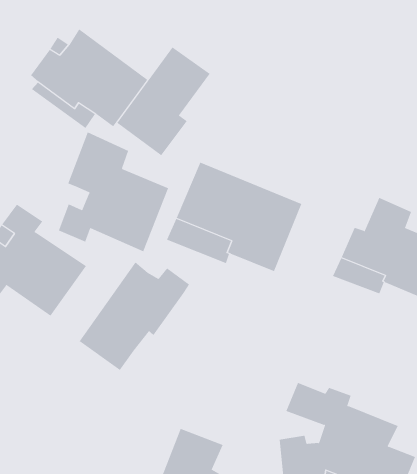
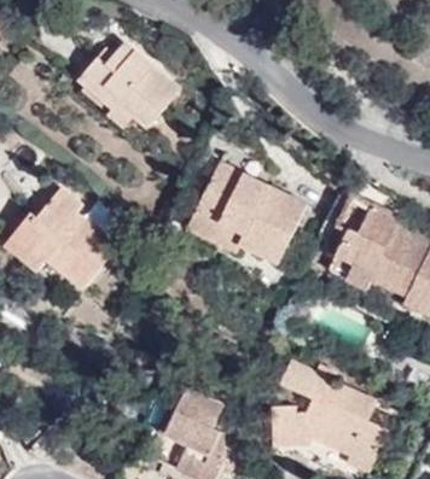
building: [117,47,211,156] -> none
building: [58,131,169,252] -> none
building: [79,261,190,371] -> none

